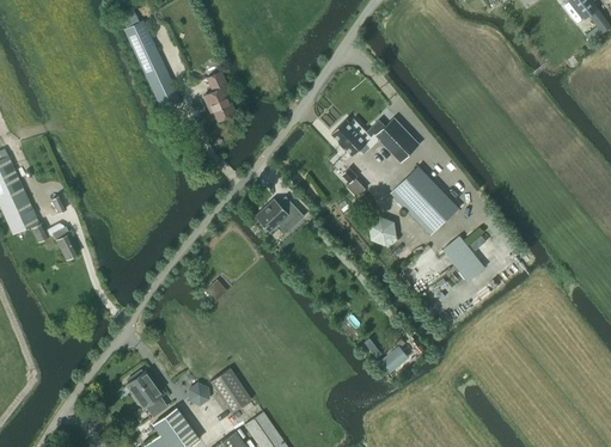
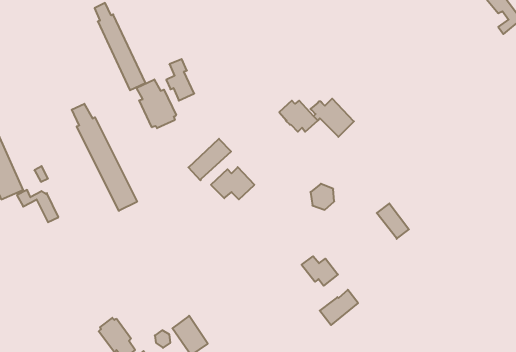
building: none -> [137,79,176,128]
building: none -> [72,104,137,211]
building: none -> [188,139,231,180]
building: [390,165,459,235] -> none
building: none -> [302,256,338,286]

